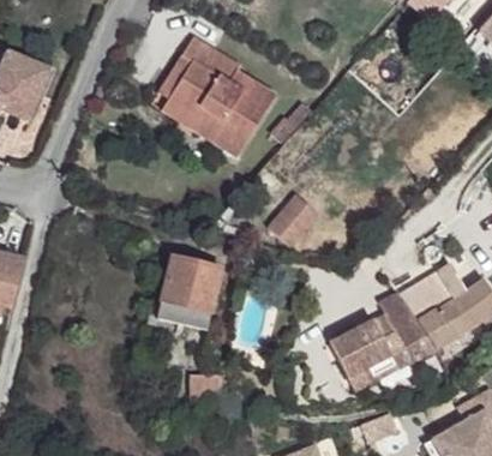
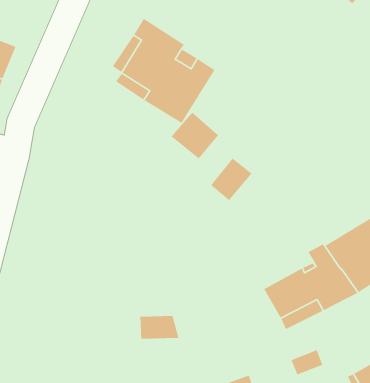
building: none -> [171,112,219,160]
building: [156,256,221,329] -> none

